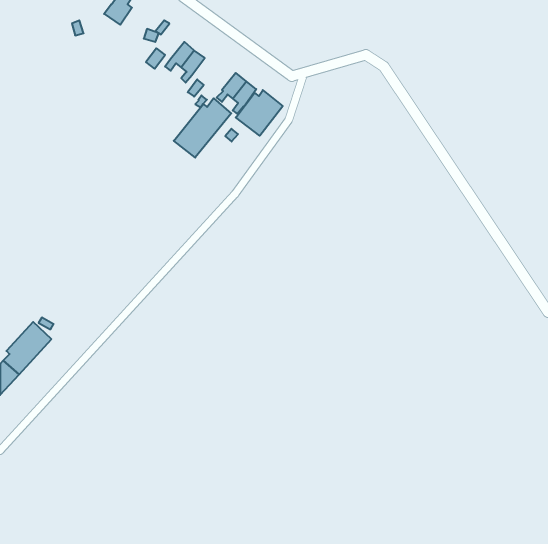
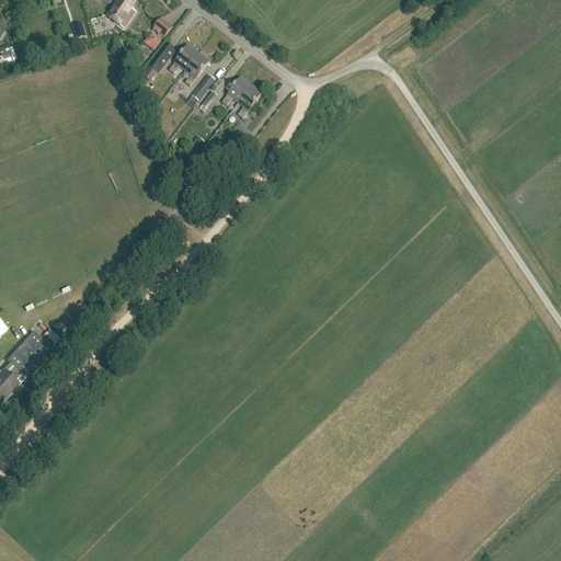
building: [236,90,283,136] -> none
building: [174,98,231,158] -> none

